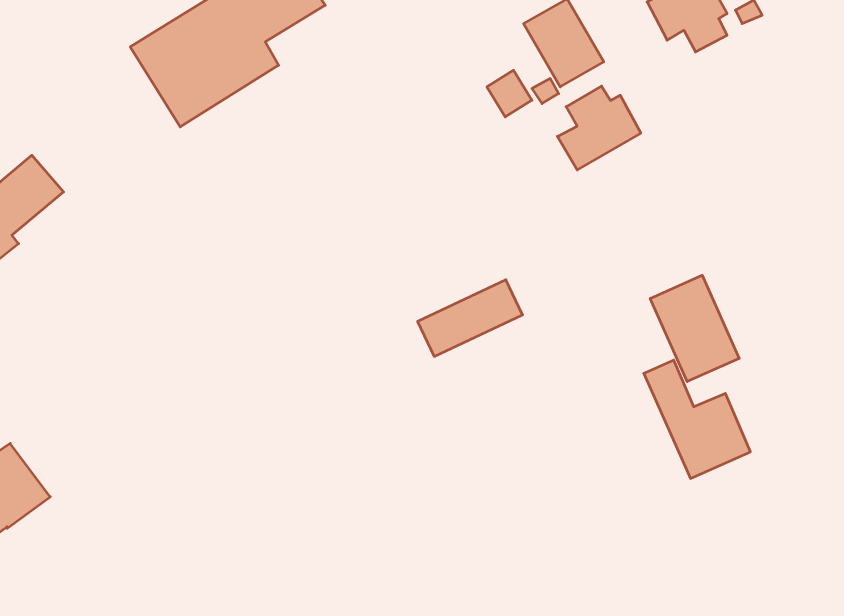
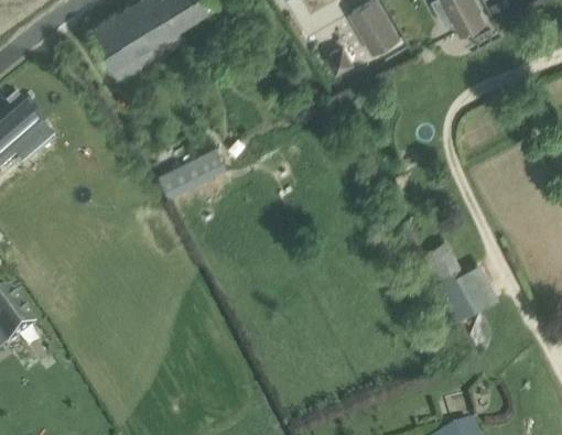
building: [557,86,641,170] -> none
building: [650,275,739,382] -> none
building: [418,280,523,356] -> [156,146,226,197]

